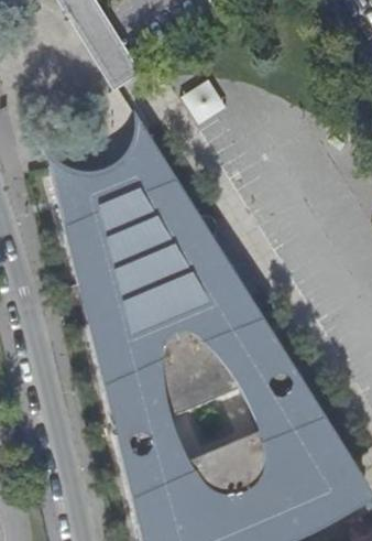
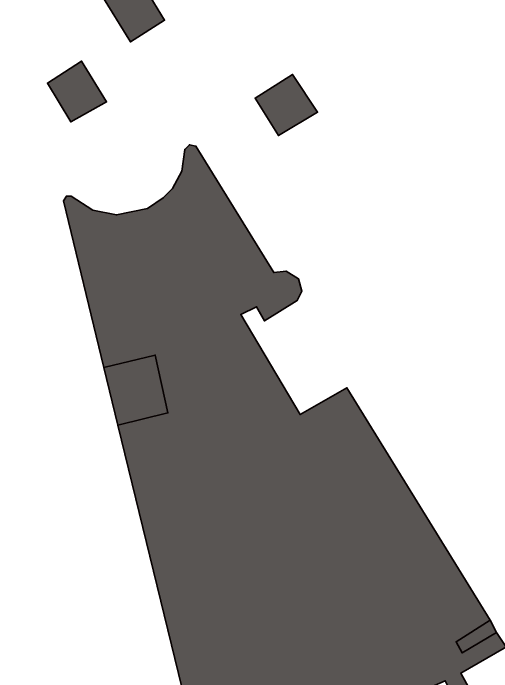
building: [101,46,143,89] -> [47,61,107,122]
building: [179,244,264,325] -> none

